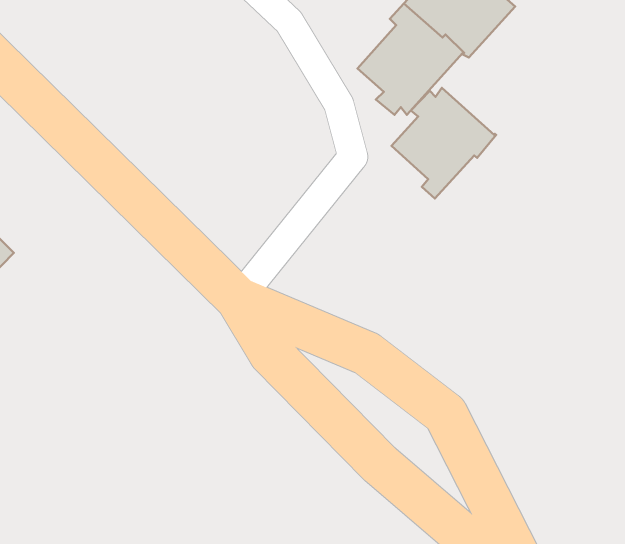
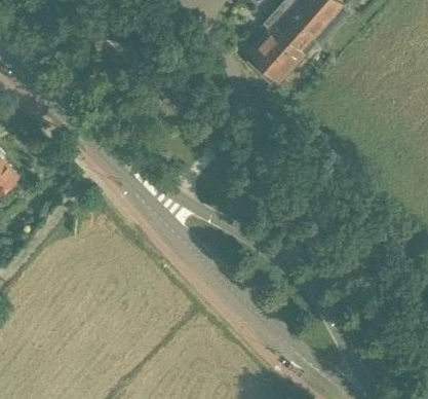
building: [391,88,496,199] -> none

